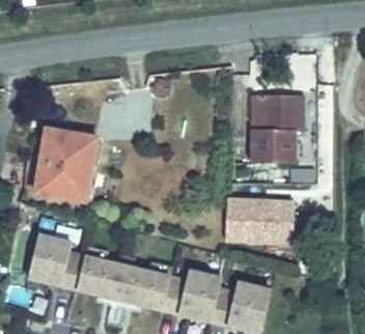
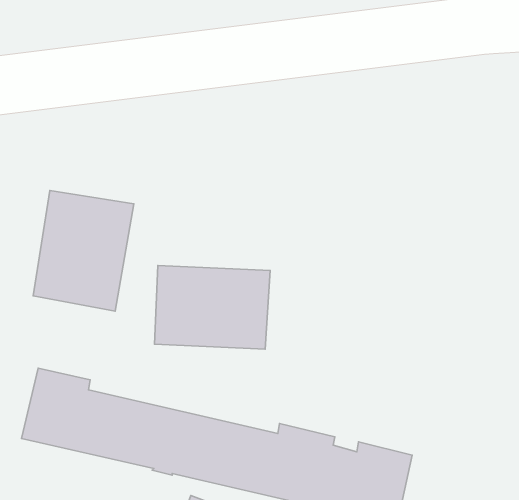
building: [251,93,308,162] -> none
building: [215,202,286,254] -> [154,265,270,349]

